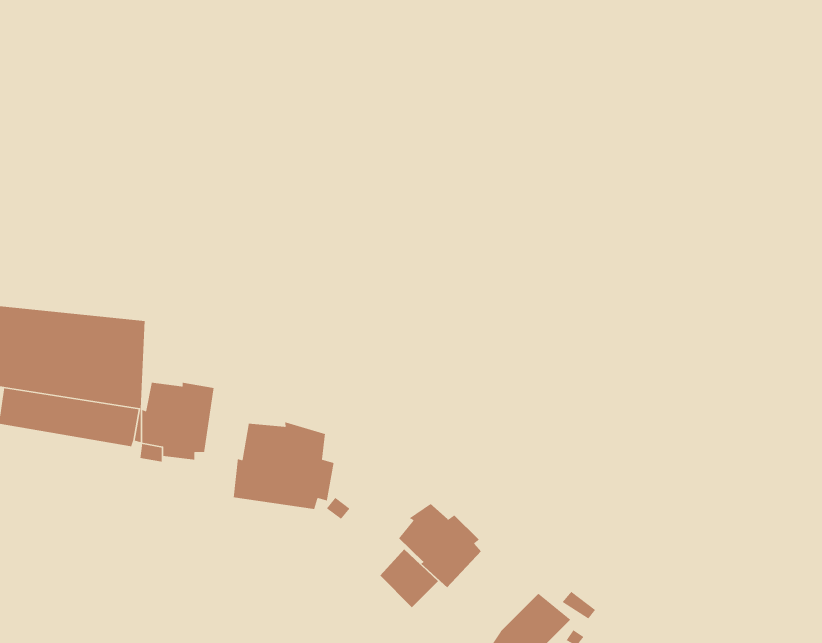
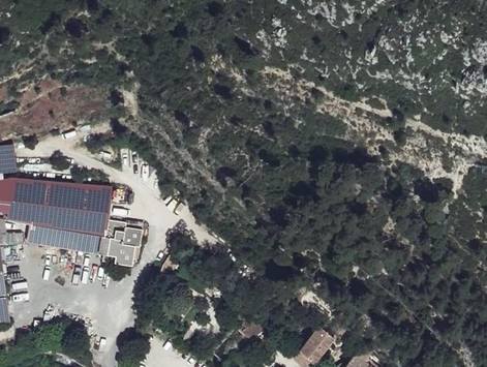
building: [233,421,334,510] -> none
building: [398,503,482,588] -> none

